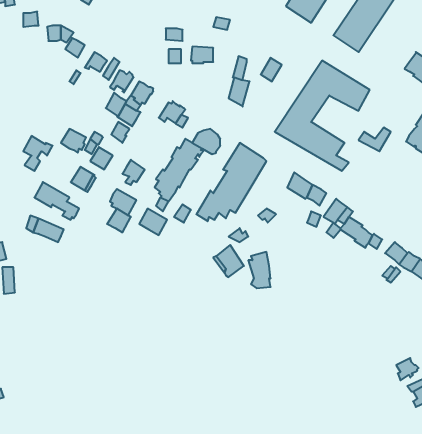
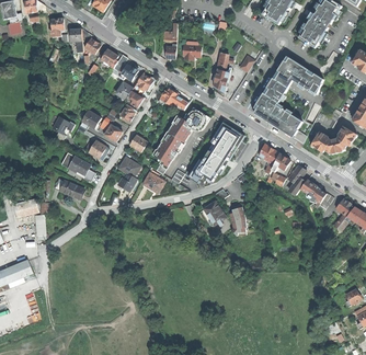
building: none -> [311,126,354,153]

